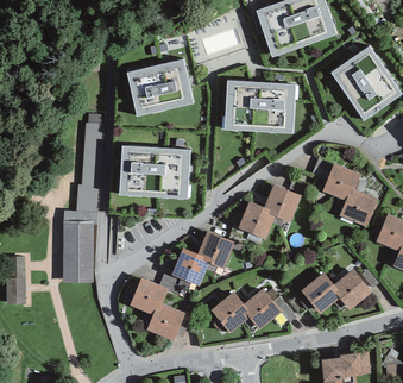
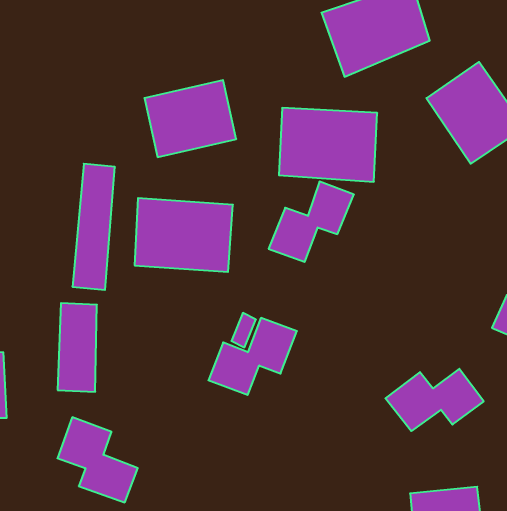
building: [326,162,379,227] -> none
building: [238,182,300,240] -> [269,182,354,262]
building: [128,275,187,337] -> [57,417,138,502]
building: [212,285,285,331] -> none

